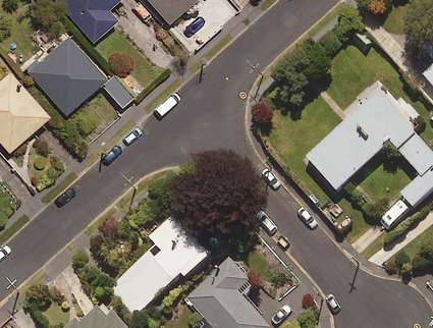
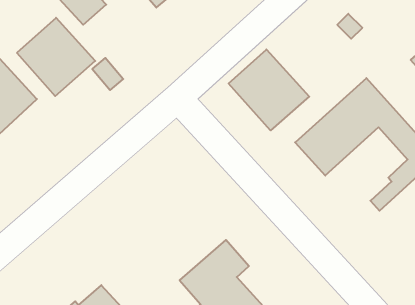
building: none -> [229,49,309,130]
building: [113,212,217,317] -> none

